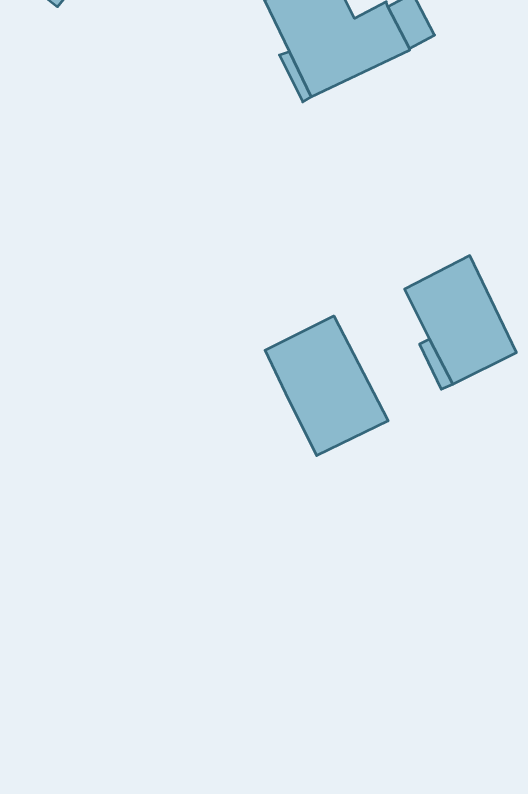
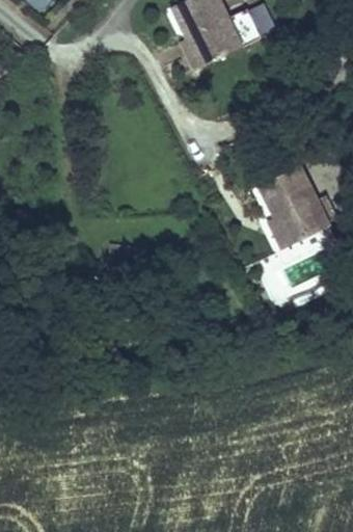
building: [265,316,388,456] -> none

